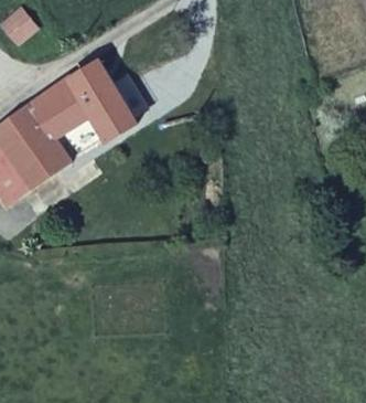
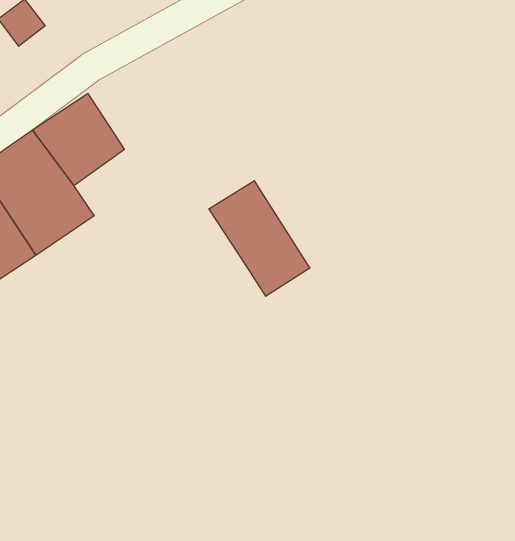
building: [66,57,137,138] -> [209,181,310,296]

